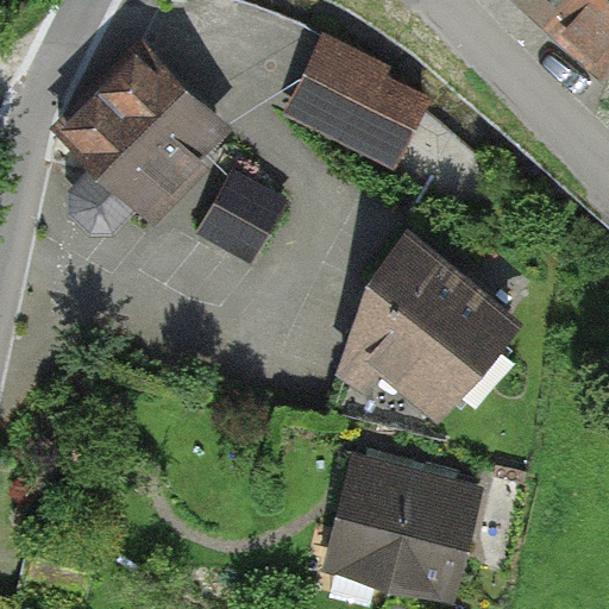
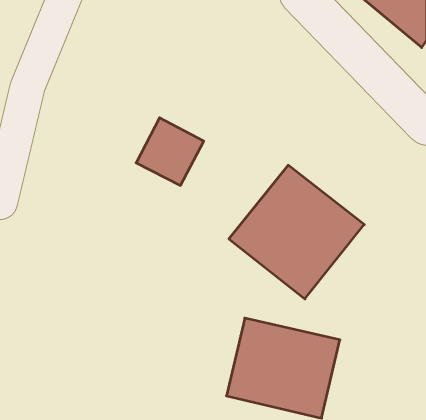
building: [282,33,437,175] -> none
building: [70,44,225,230] -> none

